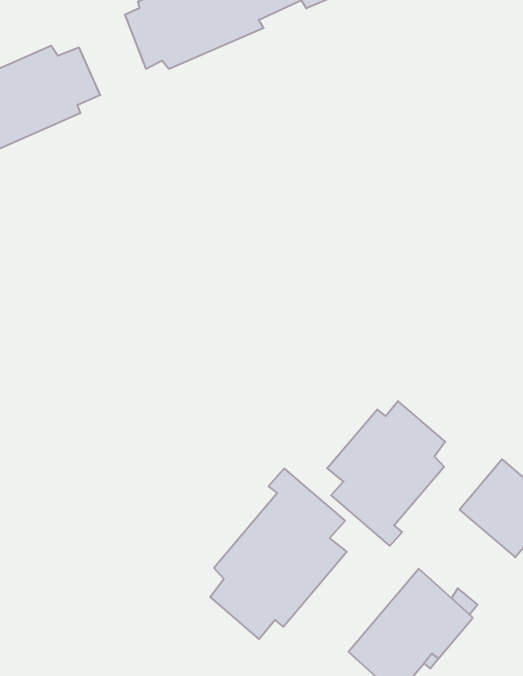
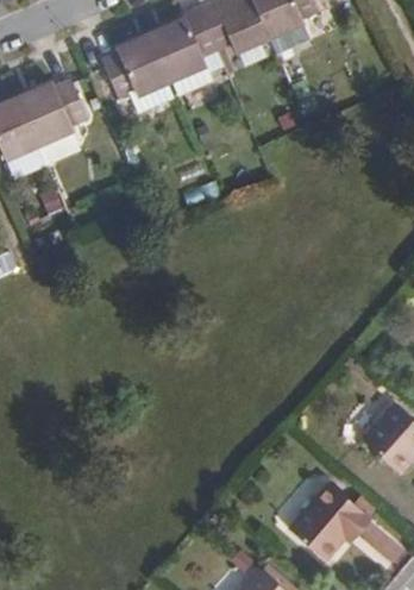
building: [327,401,445,546] -> none
building: [210,469,347,639] -> none

